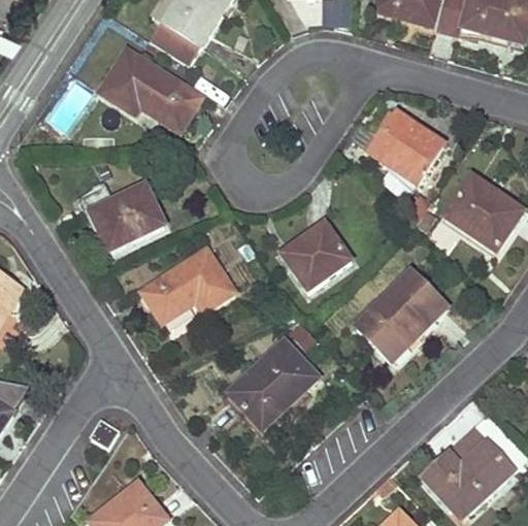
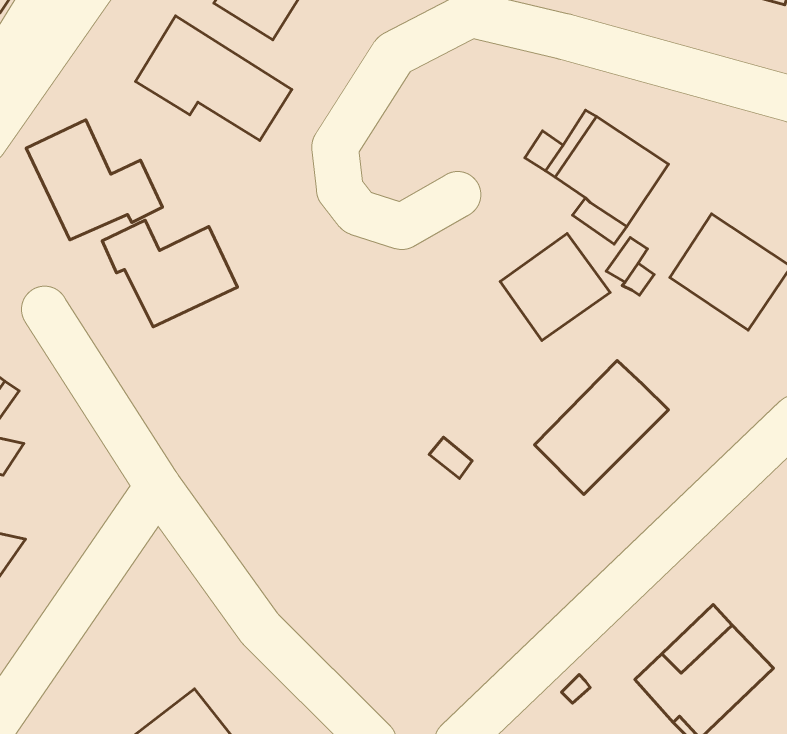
building: none -> [26,120,163,240]
building: [282,222,353,291] -> [500,234,610,340]
building: [144,250,236,321] -> none
building: [230,339,320,432] -> none

